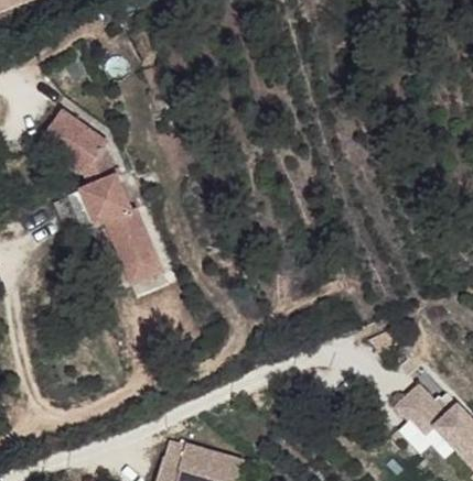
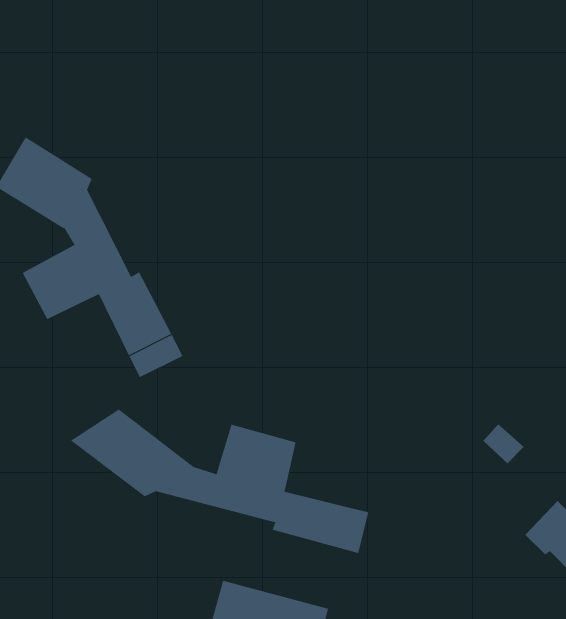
building: none -> [70,408,369,554]

